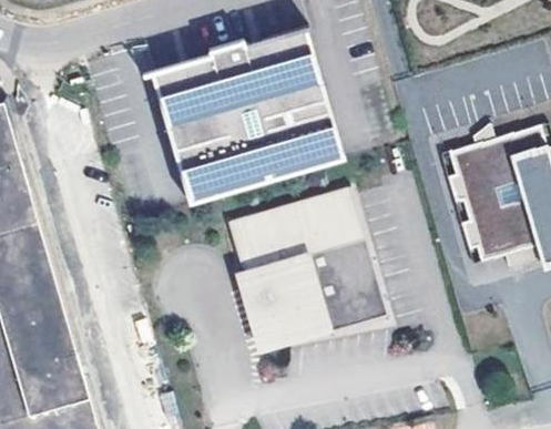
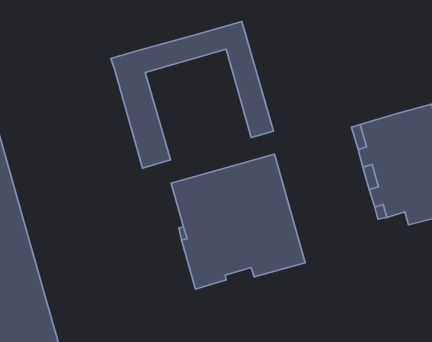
building: [195,60,322,192] -> none

